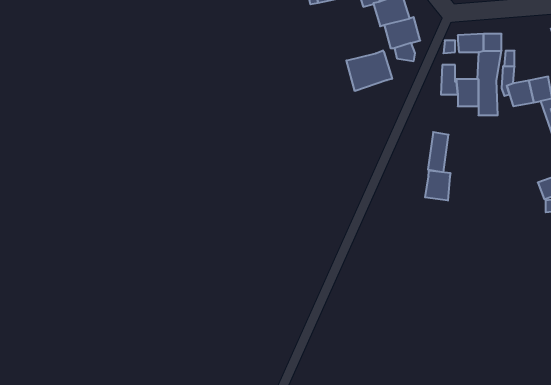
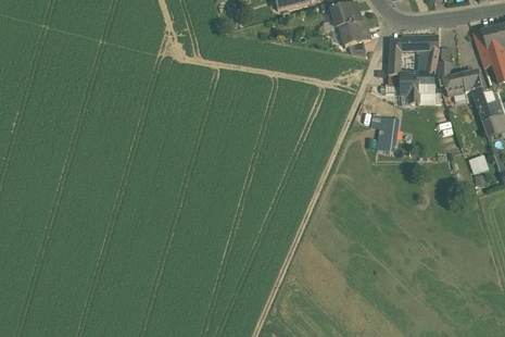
building: [346,50,392,91] -> none
building: [425,171,450,201] -> none

